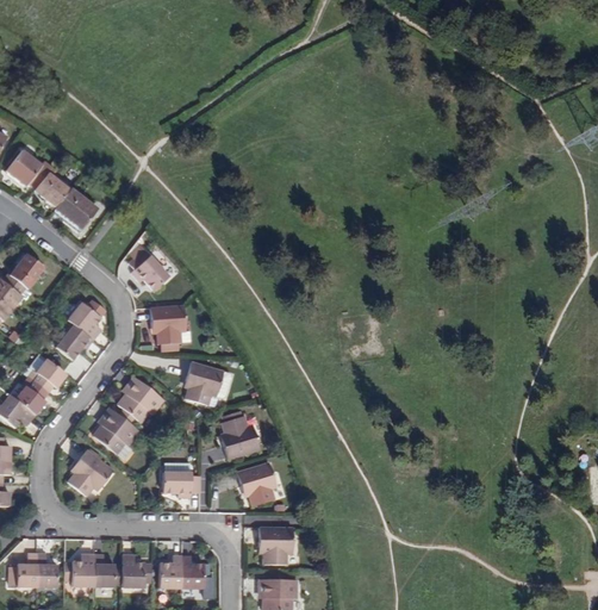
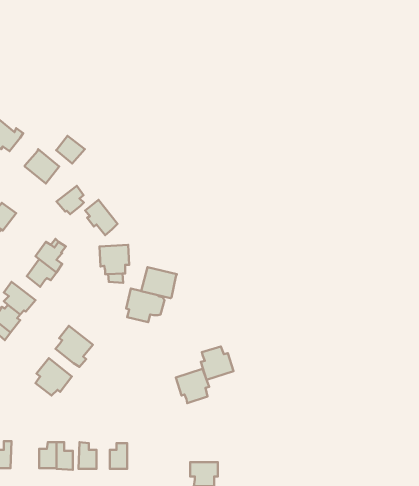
building: [33,173,69,207] -> [56,136,85,164]
building: none -> [57,186,84,214]
building: none -> [141,267,177,298]
building: [117,376,161,423] -> none
building: [224,417,264,459] -> [201,346,233,380]
building: [164,463,200,498] -> none
building: [257,527,295,561] -> none
building: [36,552,57,585] -> none
building: [181,554,203,587] -> none

